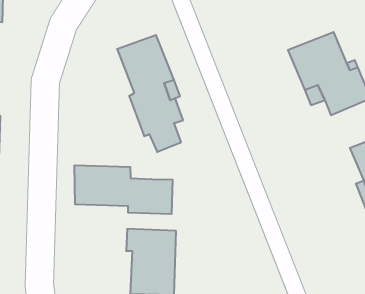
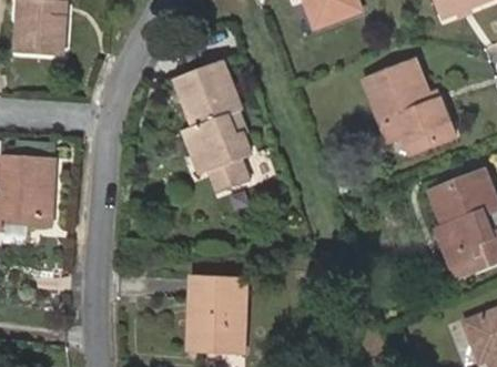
building: [75,165,173,214] -> none

